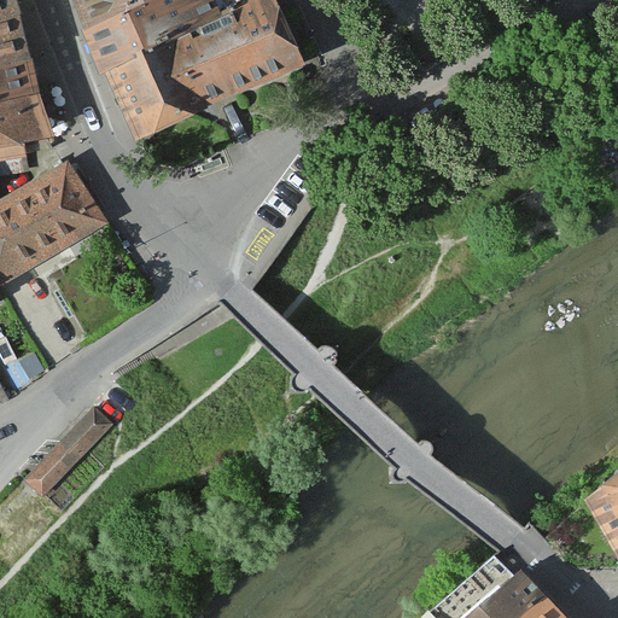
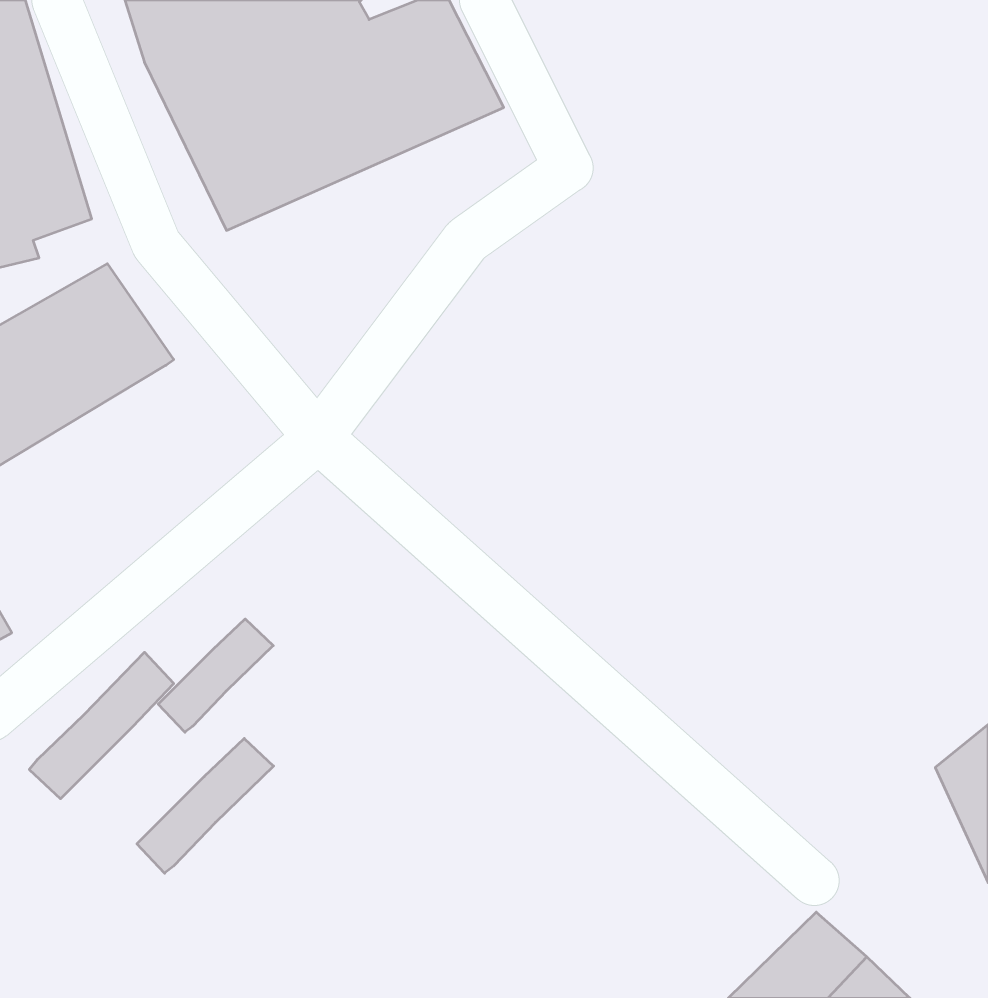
building: none -> [158,619,273,732]
building: none -> [137,738,274,873]

